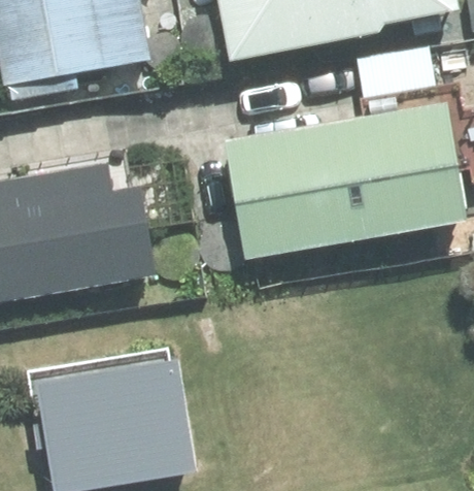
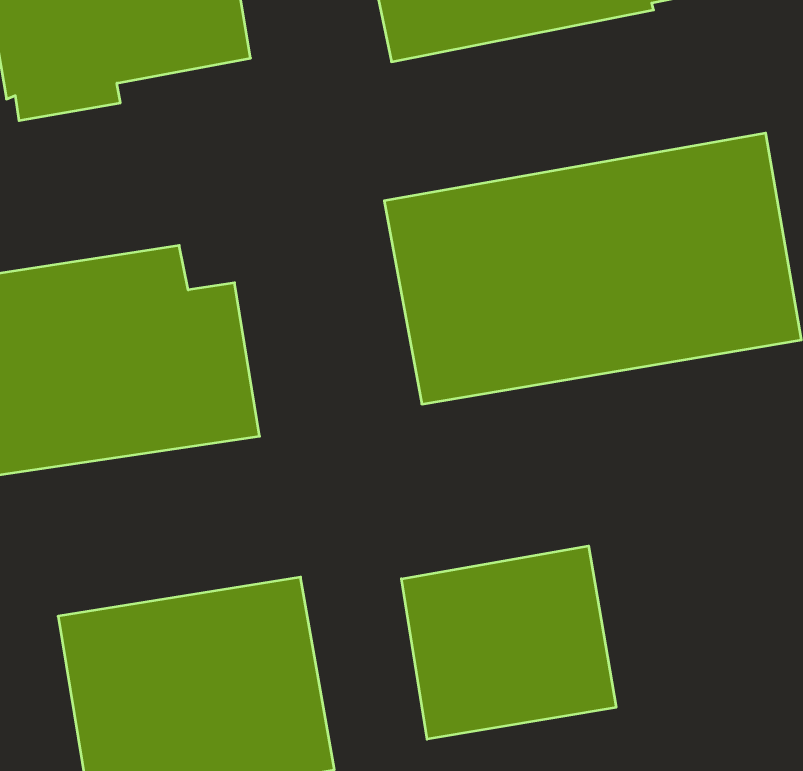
building: none -> [401,546,616,739]

